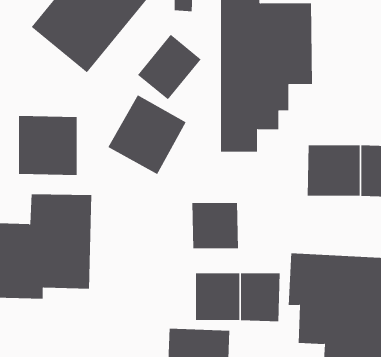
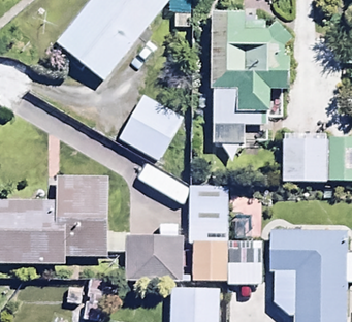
building: [137,34,202,100] -> none
building: [18,115,77,176] -> none
building: none -> [124,234,180,281]

